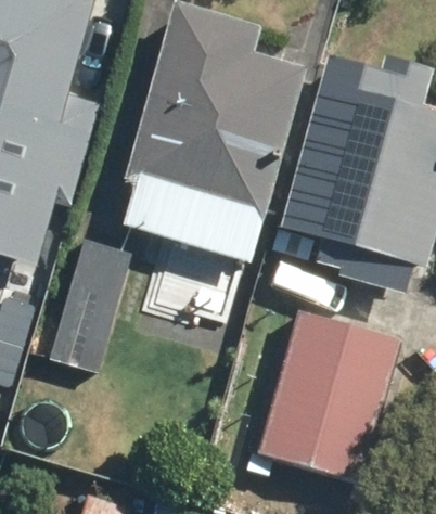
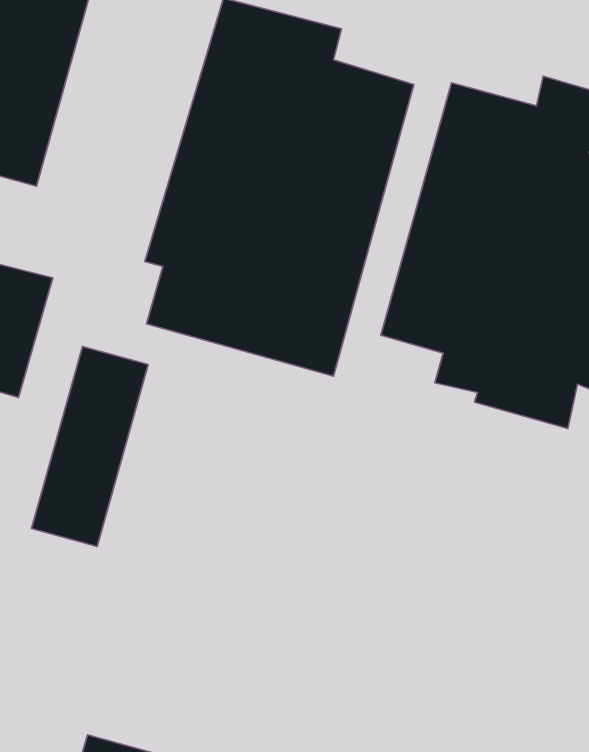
building: [256,309,397,479] -> none

